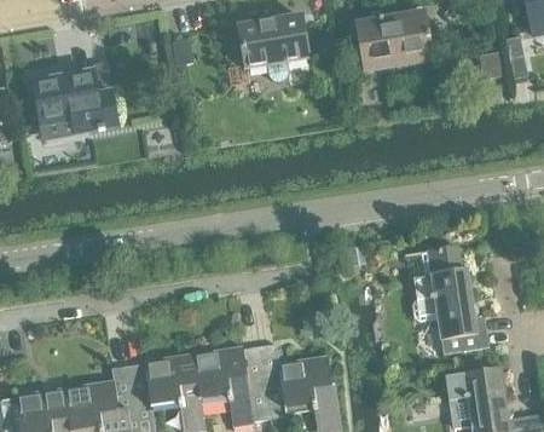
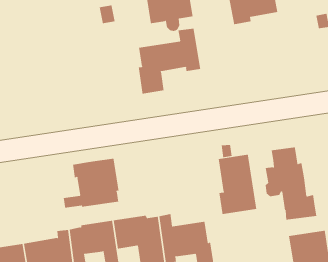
building: [34,71,120,133] -> none
building: none -> [138,28,201,95]
building: none -> [218,154,257,215]
building: none -> [63,158,119,208]

